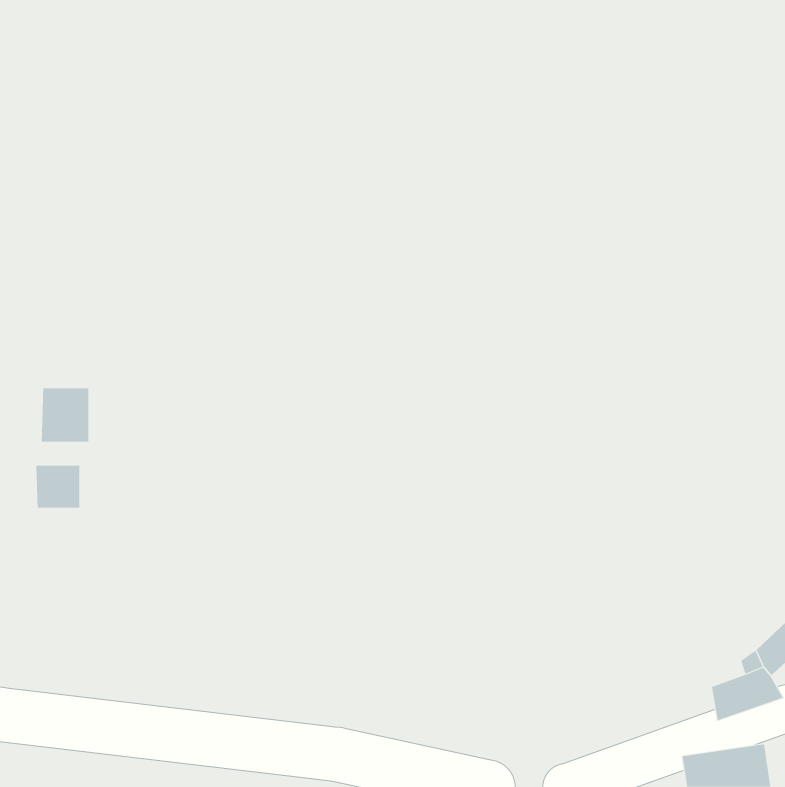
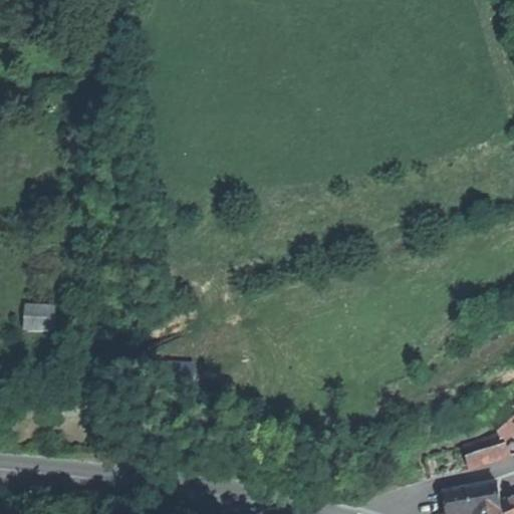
building: [41,387,89,443] -> none

